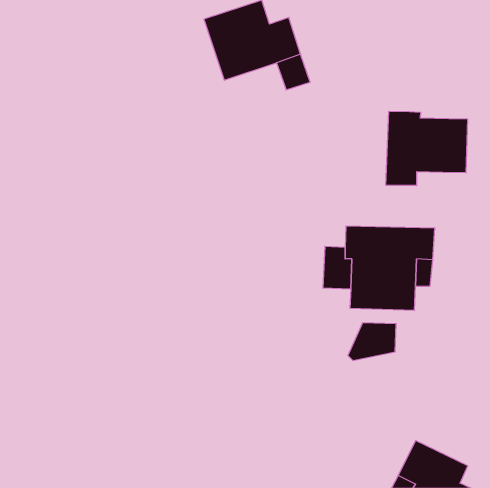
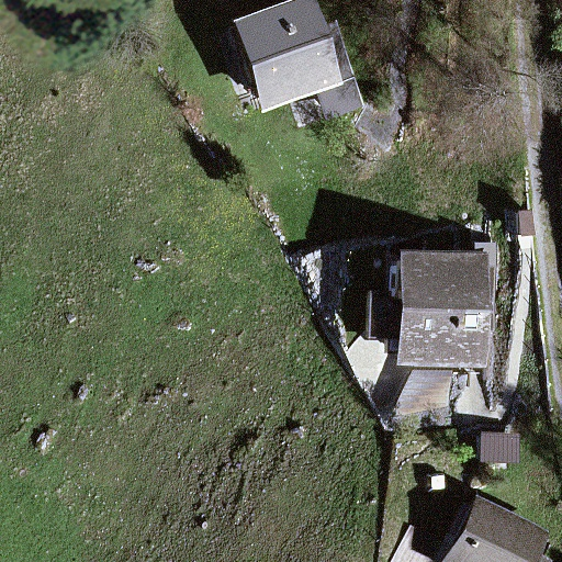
building: [386,111,467,186] -> none

